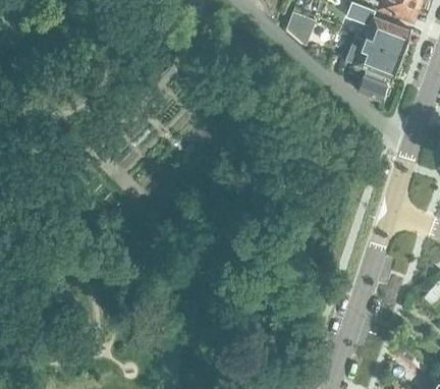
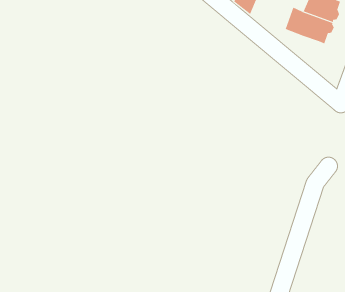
building: [359,68,387,99] -> none

